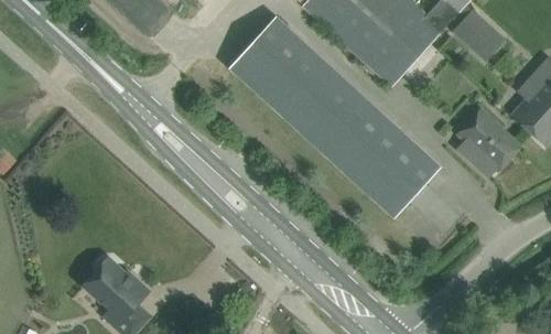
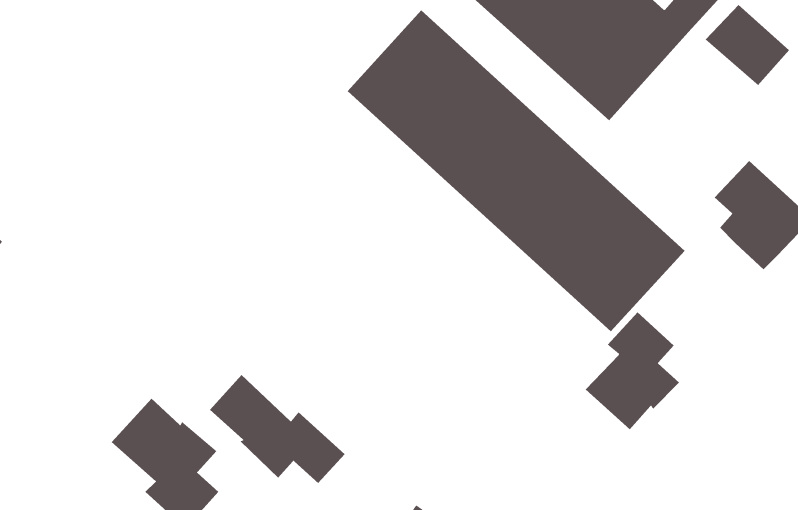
building: none -> [585,311,680,430]
building: none -> [209,374,345,484]

